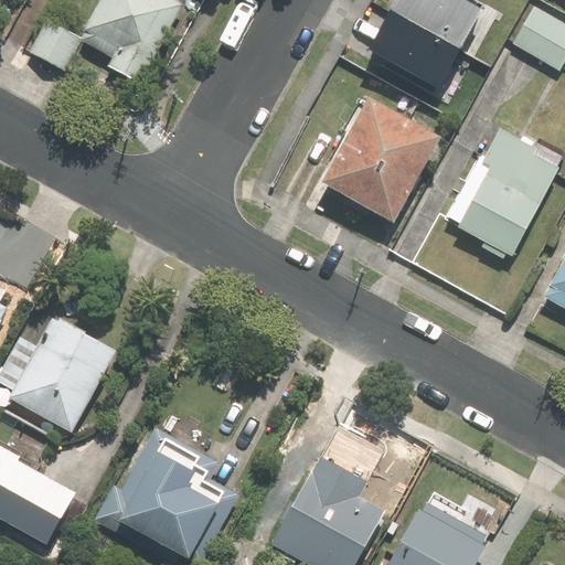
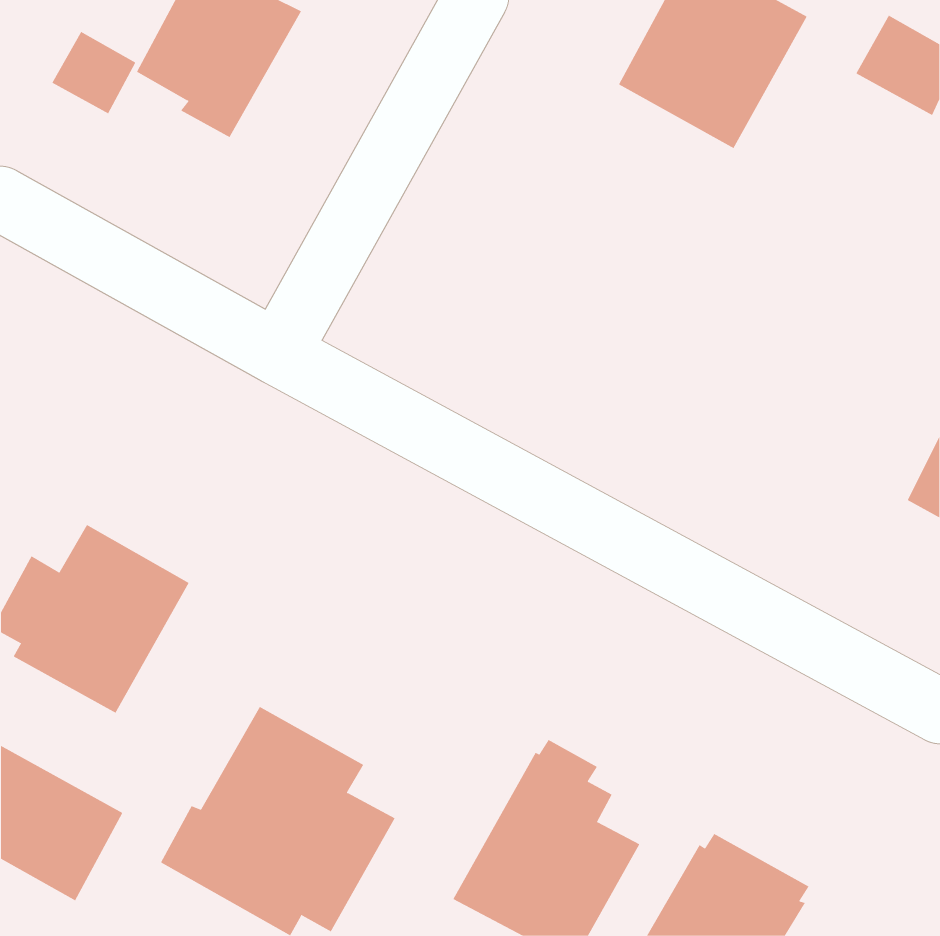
building: [321,104,439,227] -> none
building: [448,135,559,260] -> none

